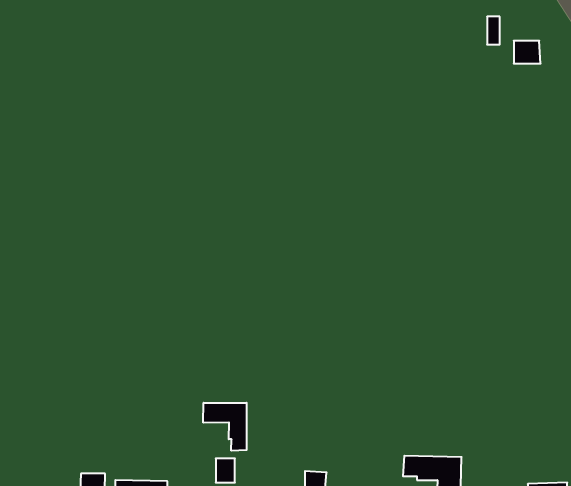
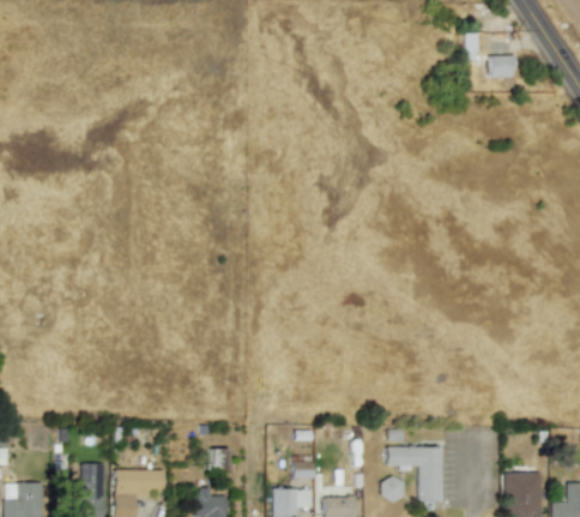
building: [203,403,247,451] -> none

